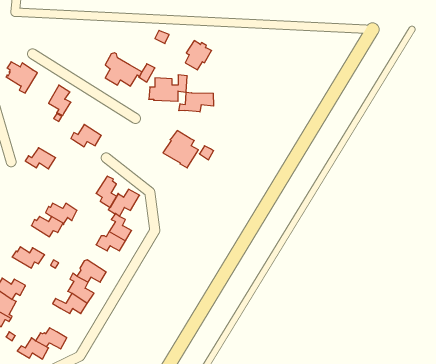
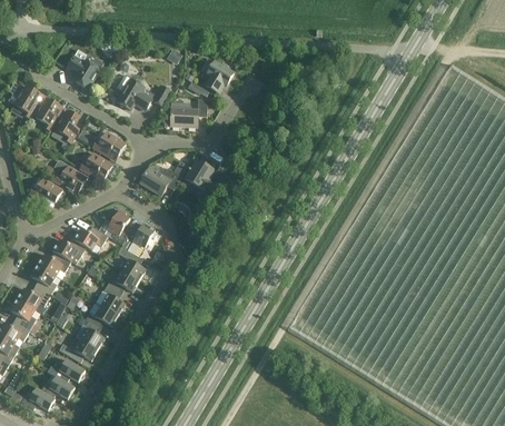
building: none -> [66,52,103,88]
building: none -> [34,96,63,129]
building: [179,92,213,112] -> none
building: none -> [92,130,126,159]
building: none -> [52,159,87,187]
building: none -> [139,166,181,195]
building: none -> [70,225,108,250]
building: none -> [30,262,57,295]
building: none -> [95,284,125,314]
building: none -> [10,297,39,333]
building: none -> [47,357,85,380]

